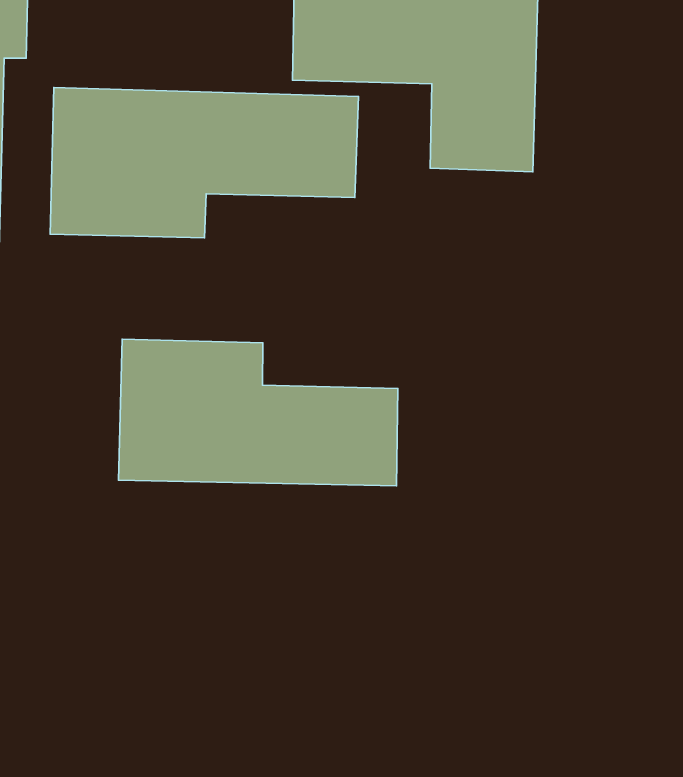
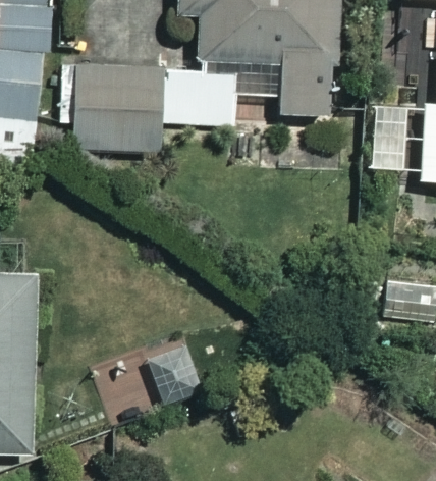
building: [119,339,398,486] -> none

